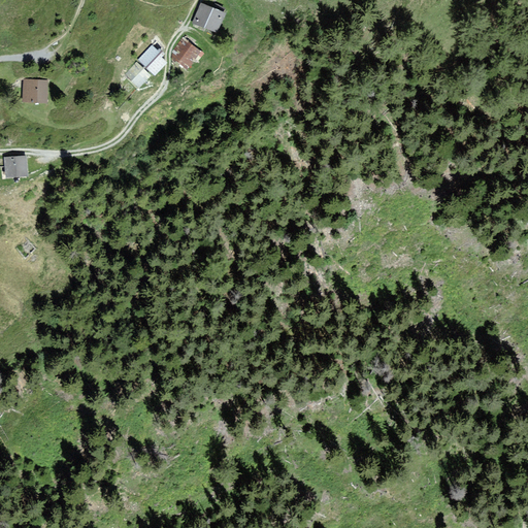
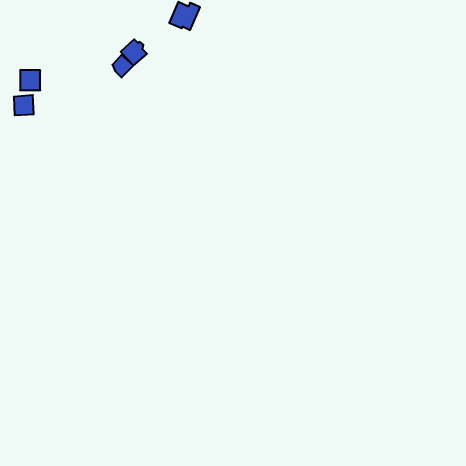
building: [172,39,202,71] -> none
building: [4,155,27,177] -> [14,95,34,115]

